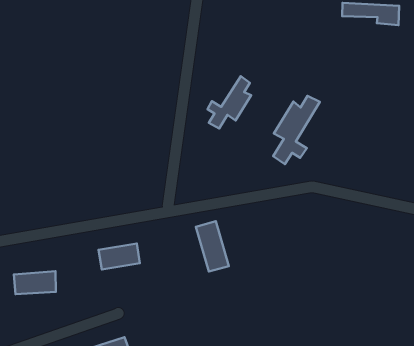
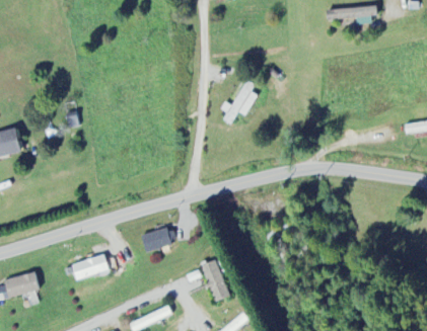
building: [273,96,320,164] -> none
building: [196,221,229,272] -> [201,258,231,301]

